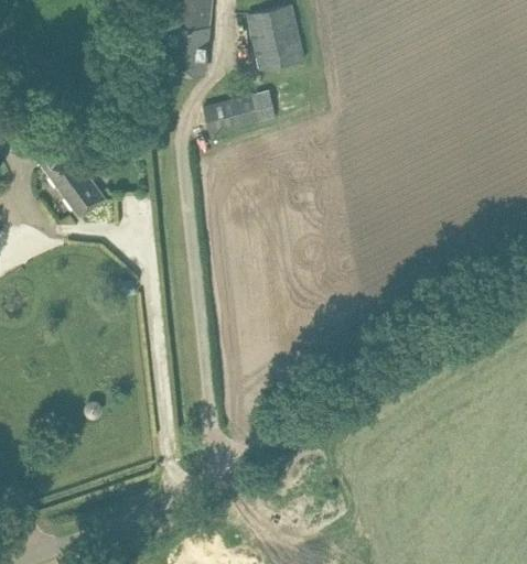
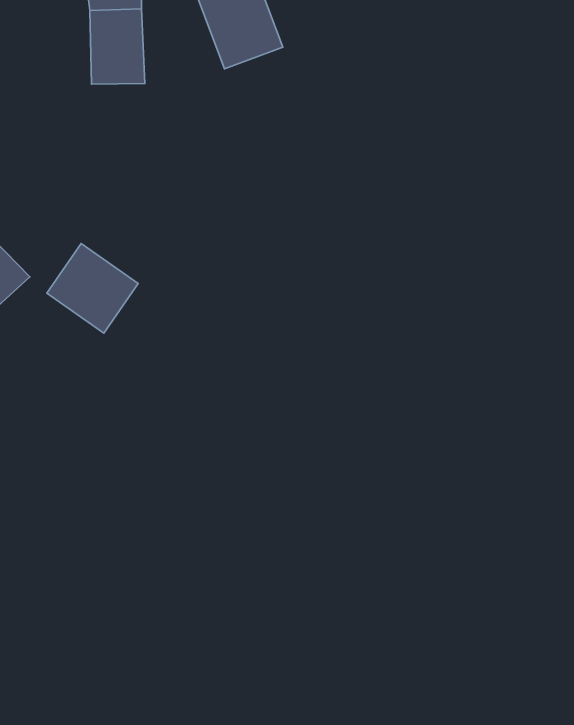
building: [203,91,275,134] -> none
building: none -> [47,244,138,333]

